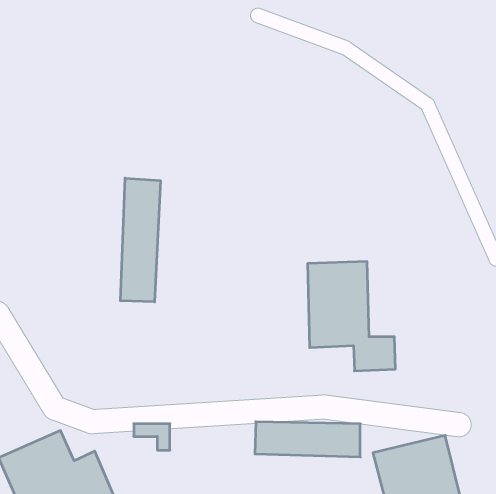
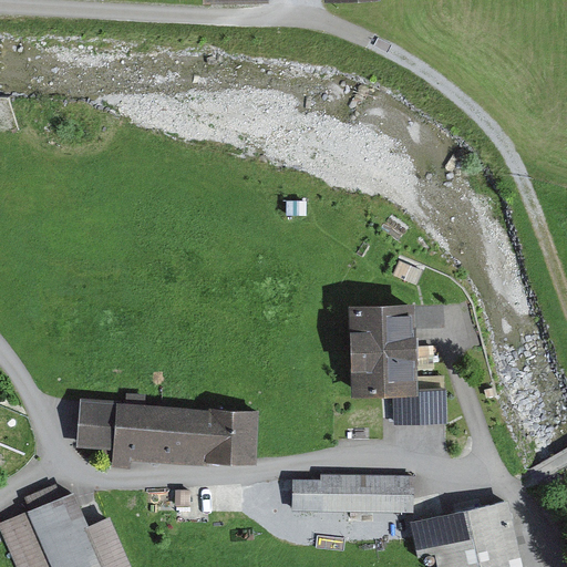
building: [120,178,160,302] -> none
building: none -> [71,402,252,464]

